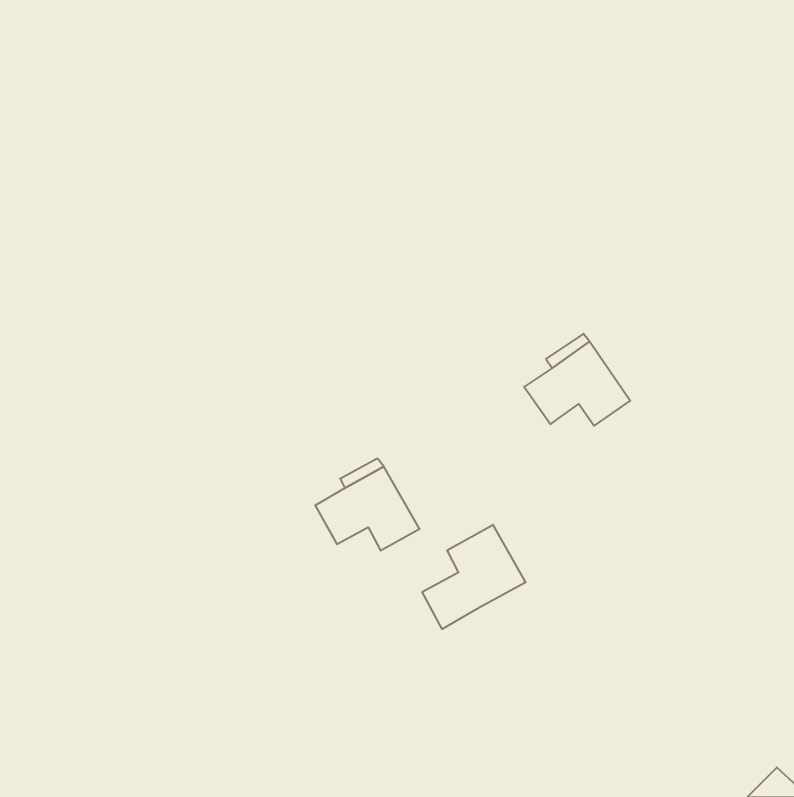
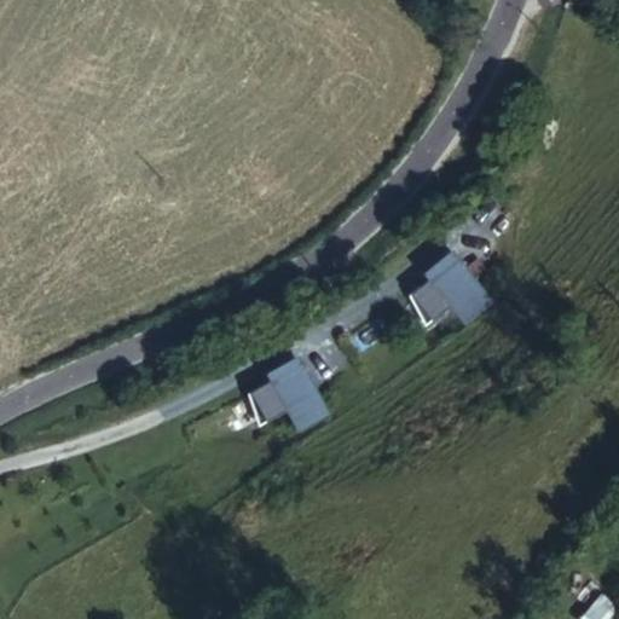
building: [422,525,526,629] -> none

